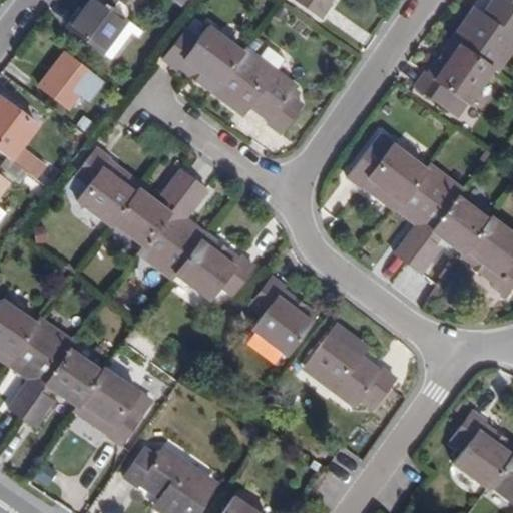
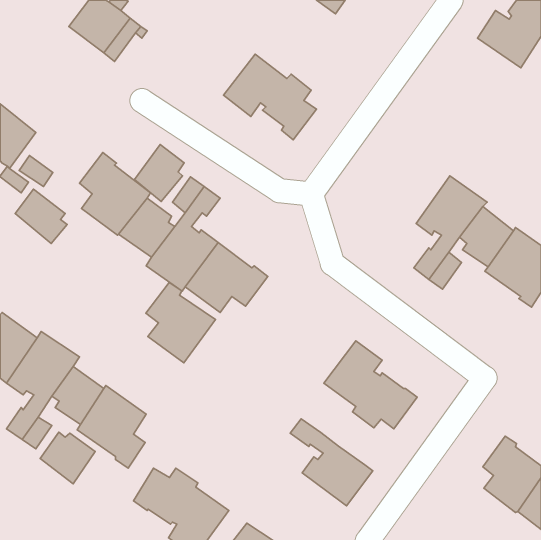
building: [161,25,241,91] -> none
building: [417,37,493,104] -> none
building: [41,55,102,107] -> none
building: none -> [134,145,184,202]
building: [344,146,423,212] -> none
building: none -> [15,189,67,243]
building: [247,282,314,358] -> [146,282,216,363]
building: none -> [290,419,373,506]
building: none -> [40,432,95,484]

